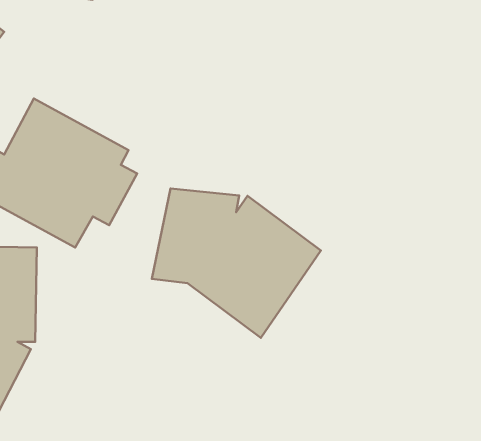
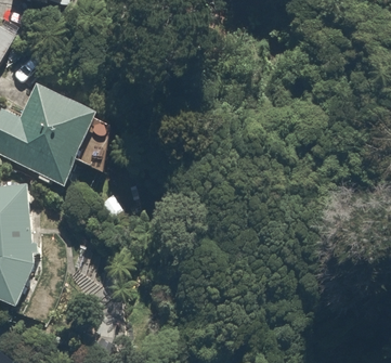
building: [152,188,321,338] -> none

